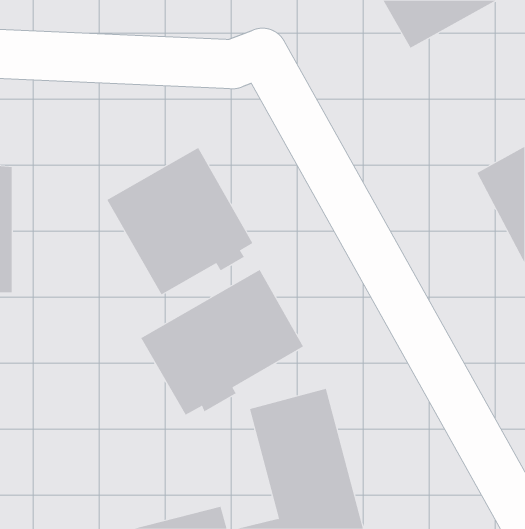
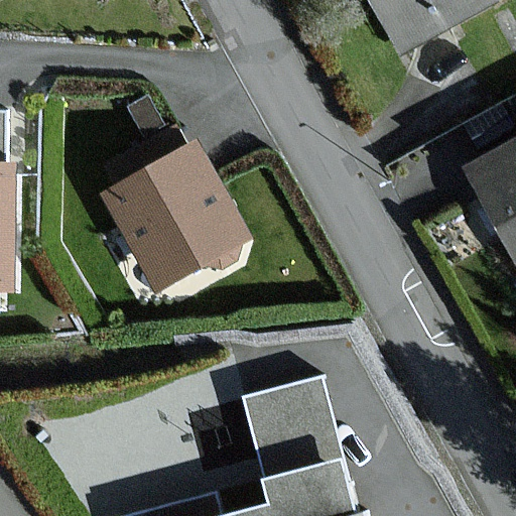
building: [141,269,304,416] -> none

